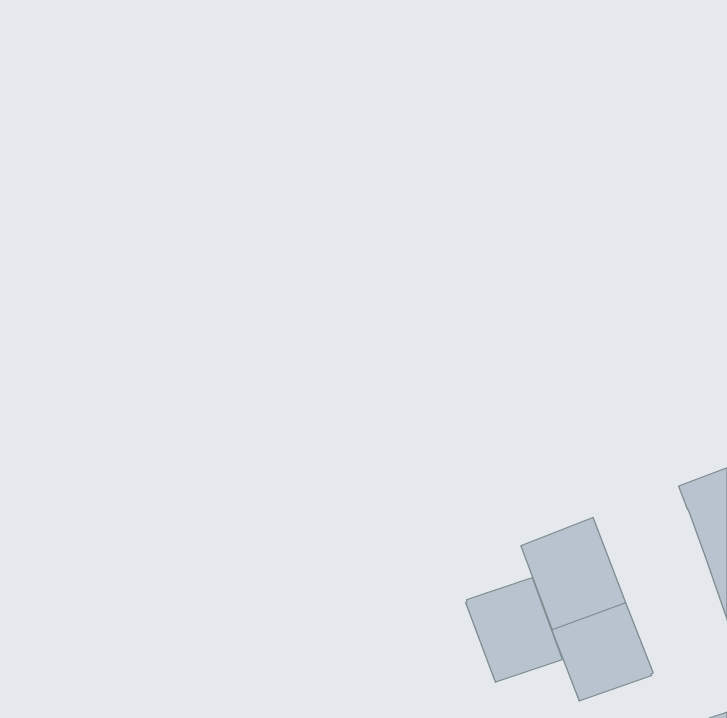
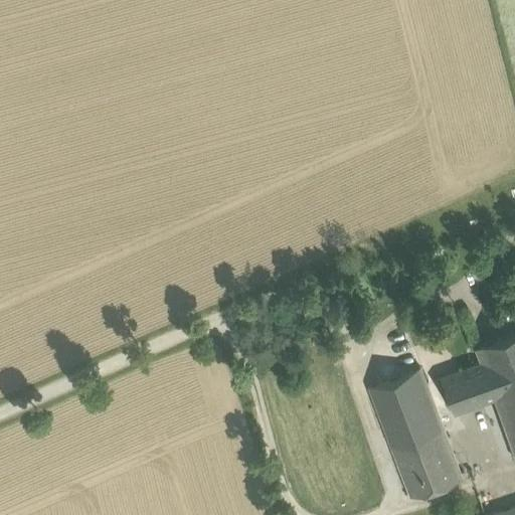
building: none -> [442,366,499,416]
building: [466,577,562,682] -> none

